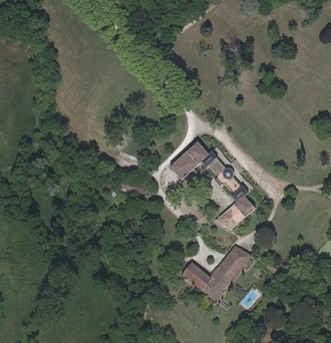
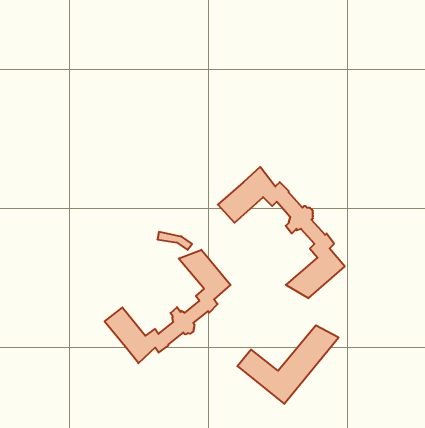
building: none -> [105,250,231,363]

